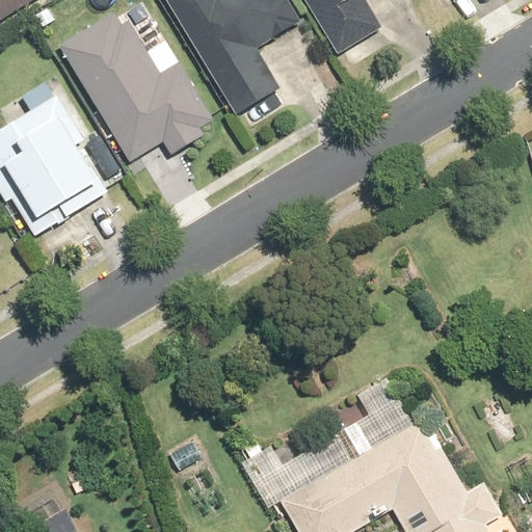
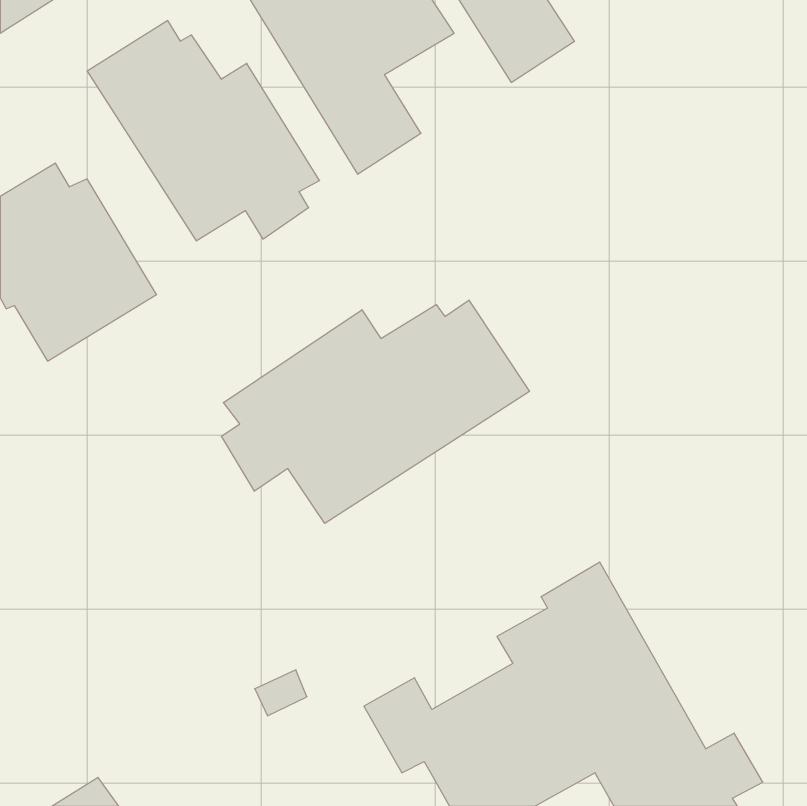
building: none -> [221,300,529,523]

